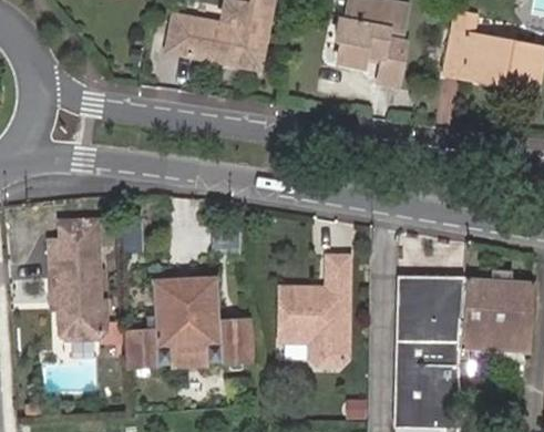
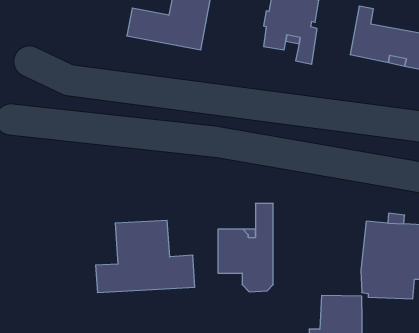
building: [48,216,109,336] -> none
building: [393,276,464,412] -> none

